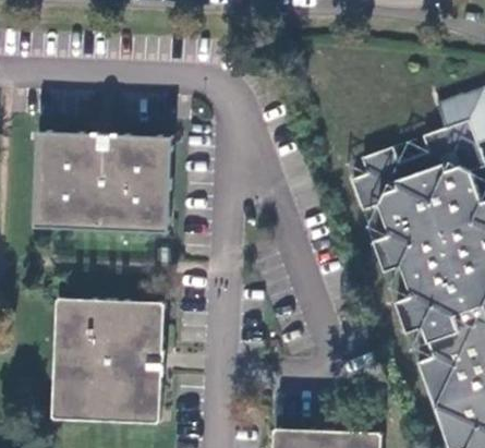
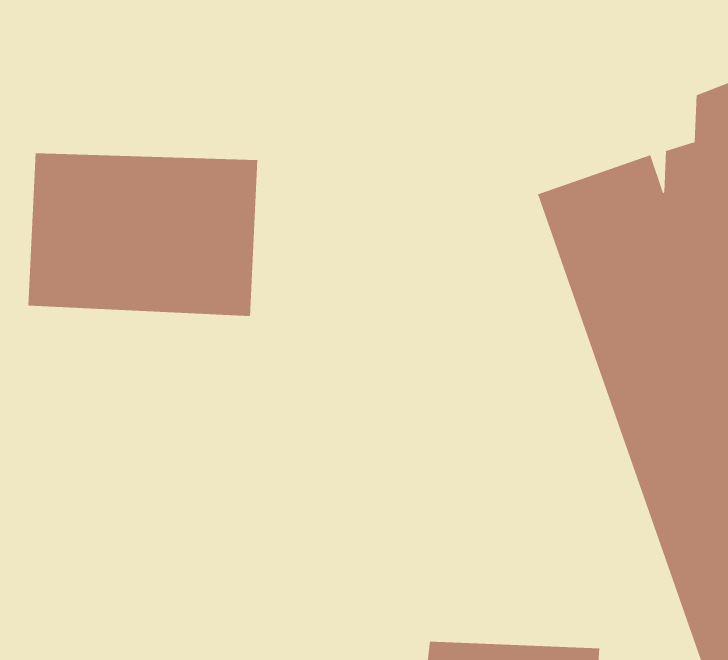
building: [56,298,169,423] -> none

